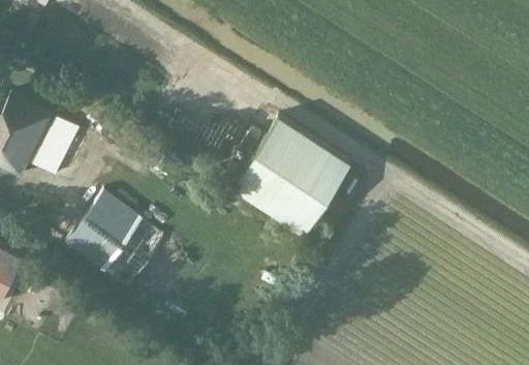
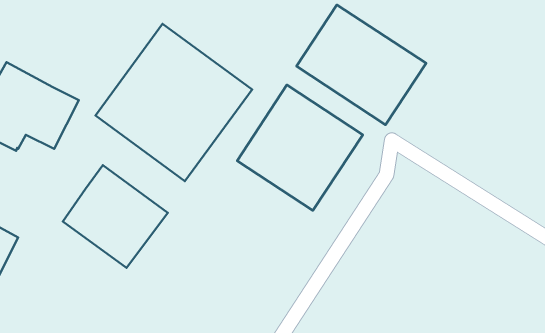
building: none -> [296,5,426,125]
building: none -> [95,24,252,181]

